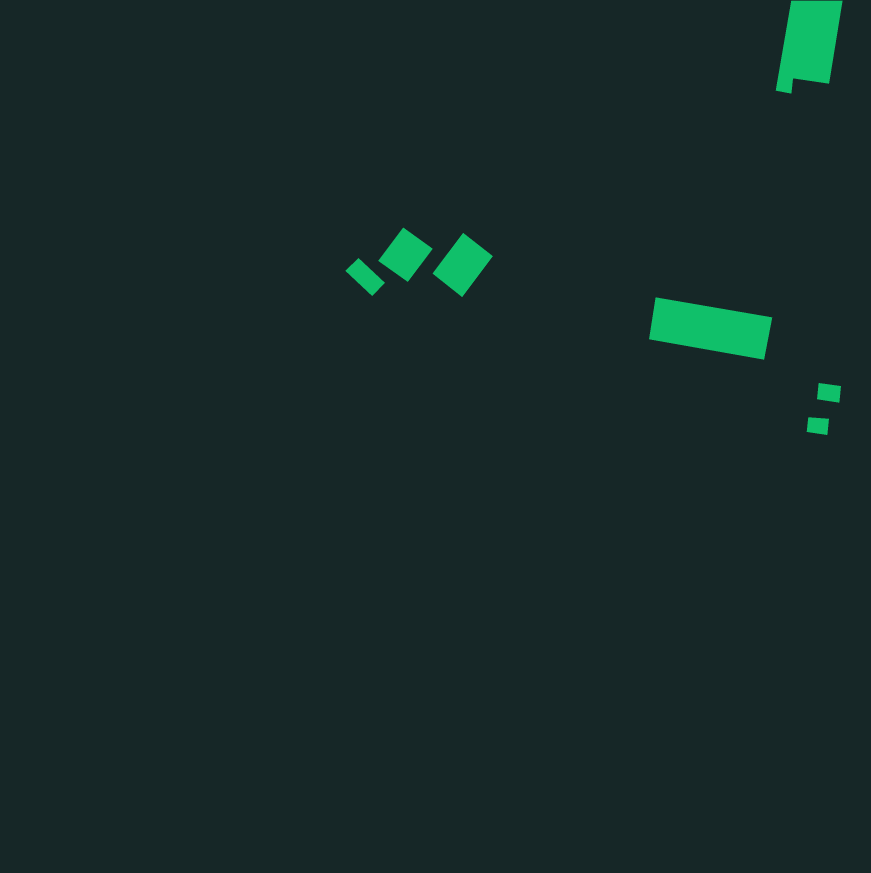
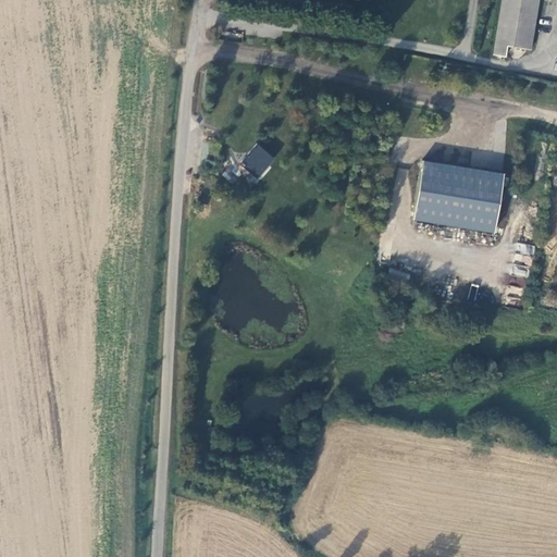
building: [431,232,494,298] -> none
building: none -> [419,159,499,203]

